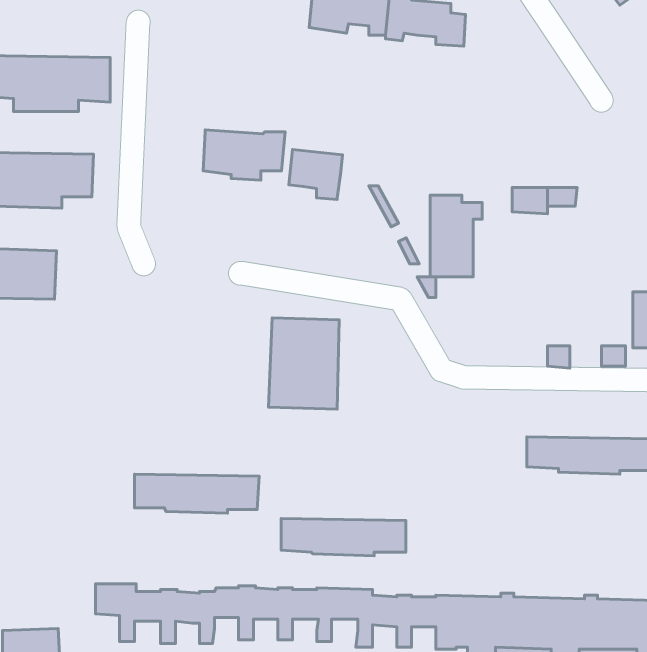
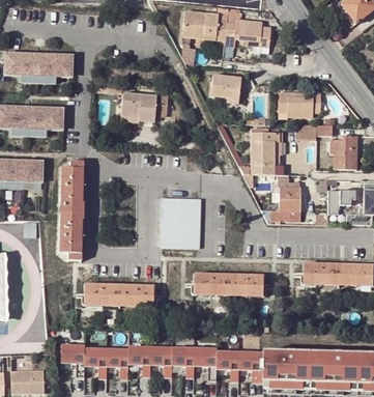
building: none -> [279,92,321,116]
building: [289,149,343,200] -> [211,75,241,103]
building: none -> [330,135,356,168]
building: none -> [60,160,83,259]
building: none -> [262,178,300,220]
building: none -> [329,189,357,212]
building: [281,519,406,556] -> [195,274,264,294]

